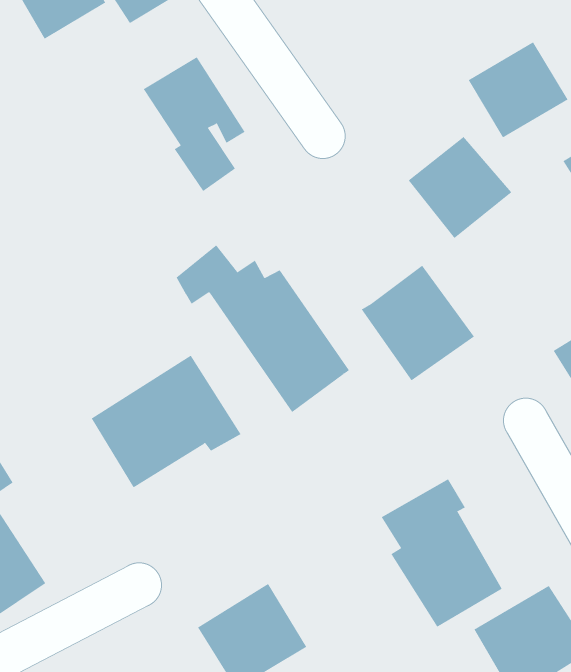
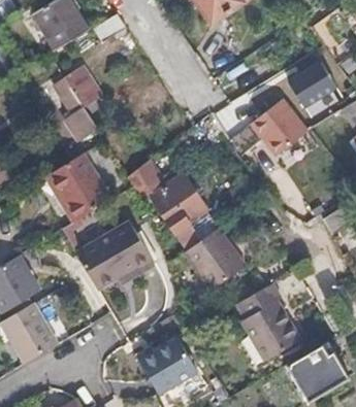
building: [143,56,245,192] -> [52,66,106,138]
building: none -> [45,156,109,223]
building: [361,265,475,381] -> [184,228,245,290]

